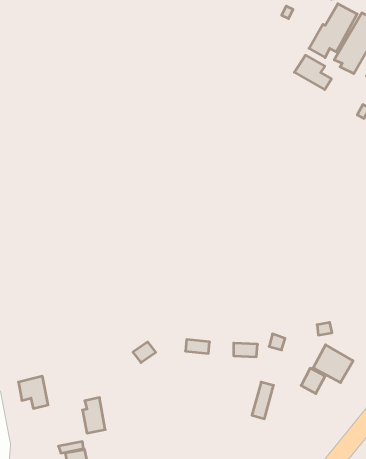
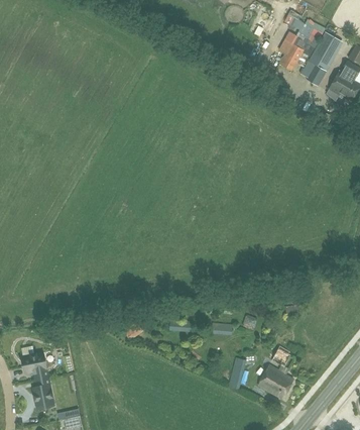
building: [294,55,331,90] -> none
building: [313,345,353,383] -> [257,365,292,399]
building: [82,398,105,433] -> [32,378,52,409]

